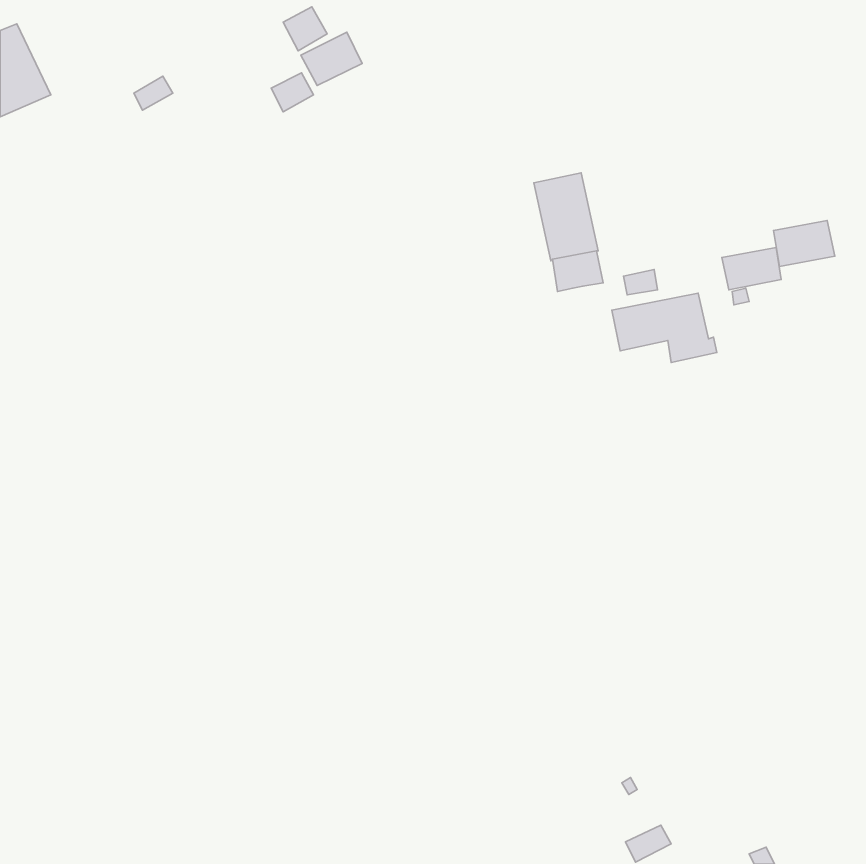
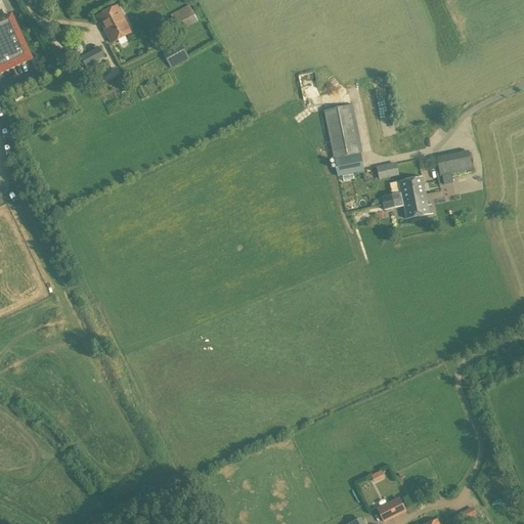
building: none -> [96,4,132,43]
building: [301,32,362,86] -> none
building: [773,221,835,267] -> none

